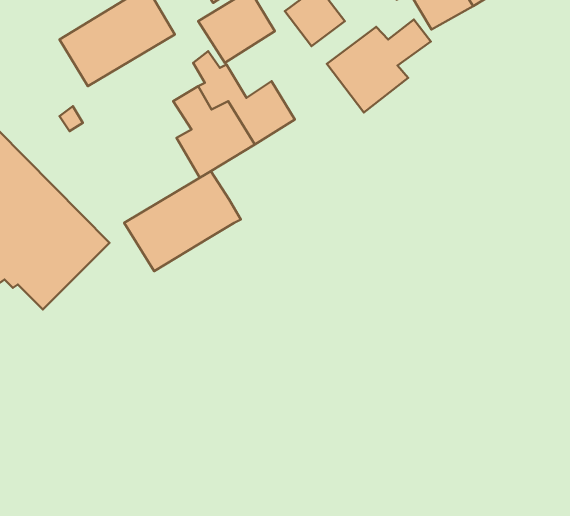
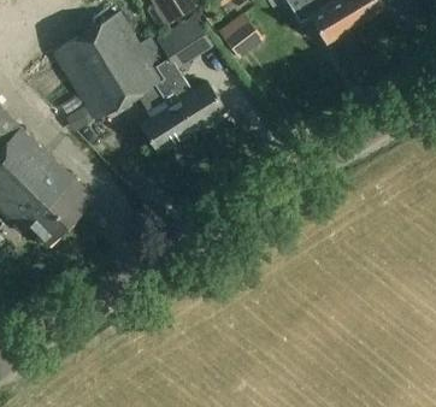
building: [327,19,431,112] -> none
building: [124,171,241,271] -> [77,49,161,122]

